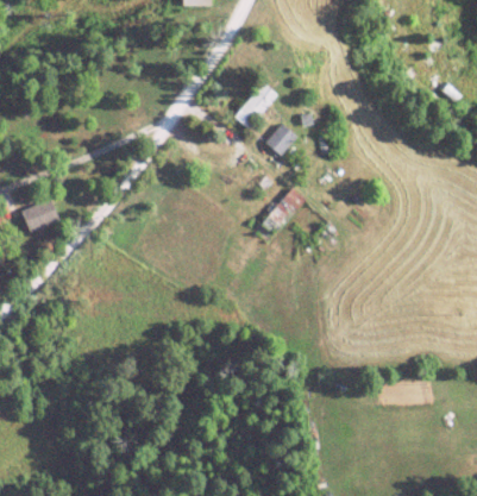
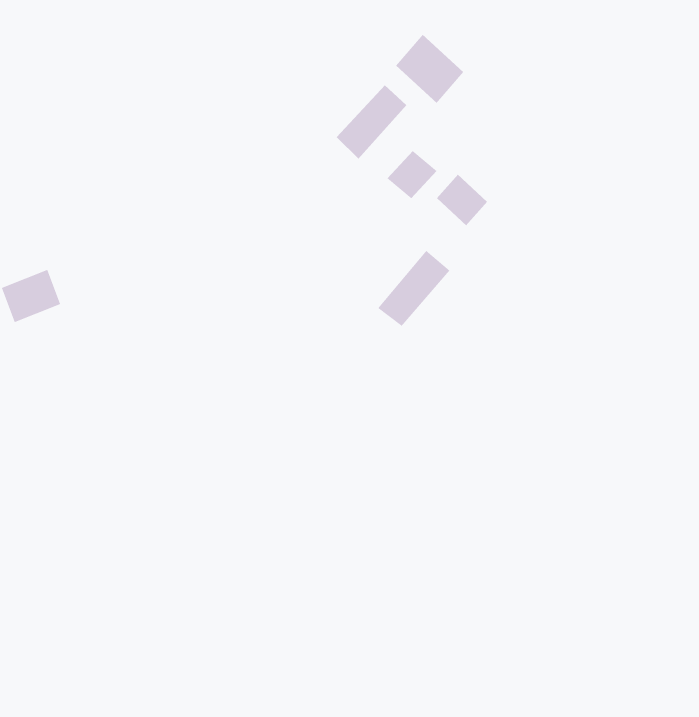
building: none -> [395,34,464,104]
building: none -> [436,174,488,226]

